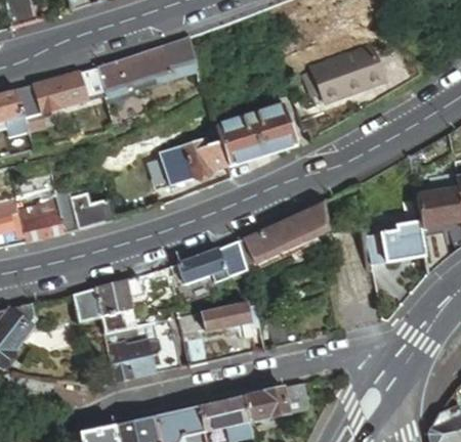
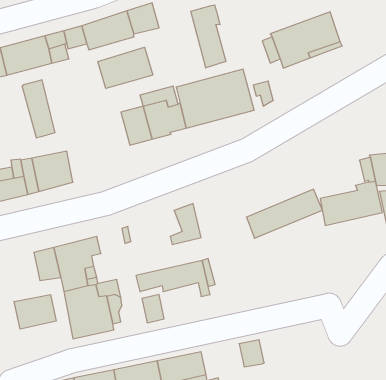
building: none -> [191,5,226,68]
building: none -> [98,47,153,88]
building: none -> [22,80,55,138]
building: [241,209,319,259] -> [246,189,322,238]
building: [173,248,223,286] -> none
building: none -> [14,295,56,329]
building: [243,386,287,417] -> none

